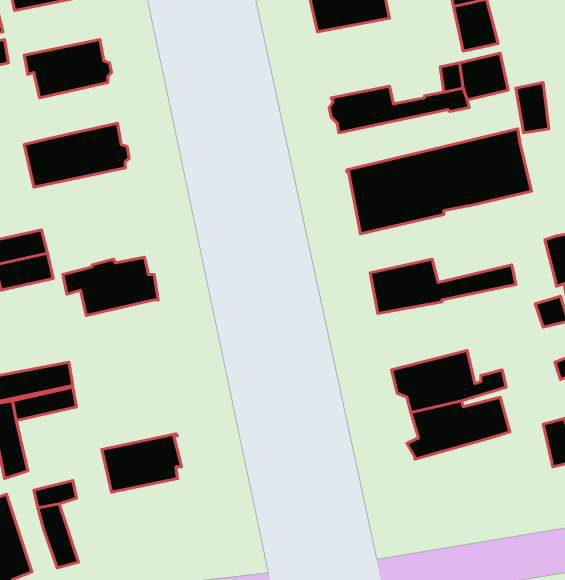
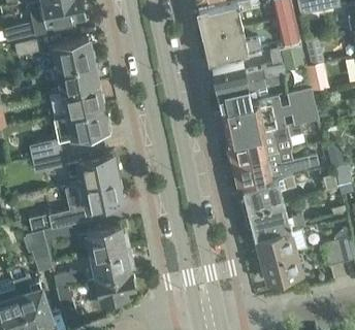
building: none -> [203,28,260,60]
building: none -> [57,62,98,92]
building: none -> [216,76,276,108]
building: none -> [54,106,108,138]
building: none -> [227,127,292,163]
building: none -> [240,176,294,214]
building: none -> [79,177,122,209]
building: none -> [80,227,129,257]
building: none -> [256,251,302,284]
building: none -> [87,272,135,304]

